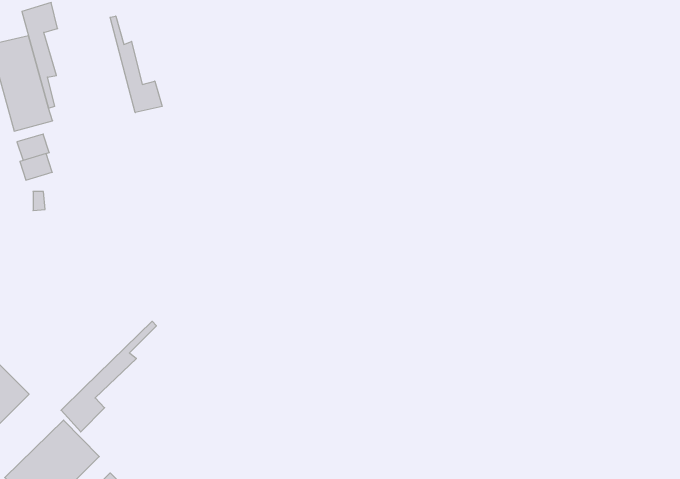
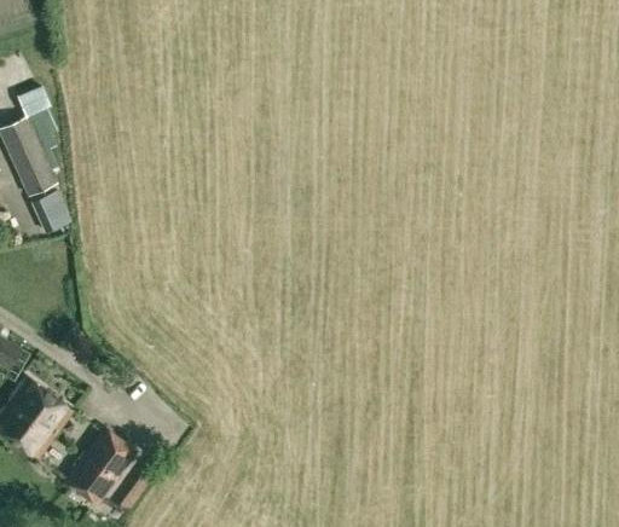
building: [110,16,162,113] -> none
building: [61,321,156,432] -> none

